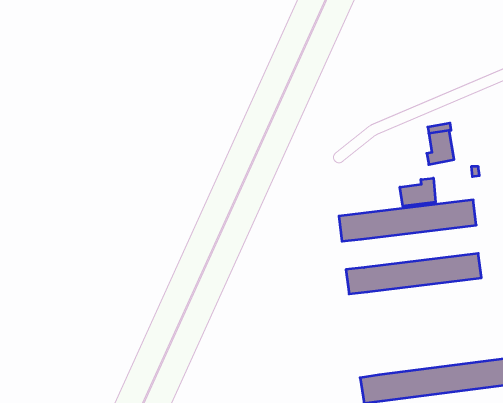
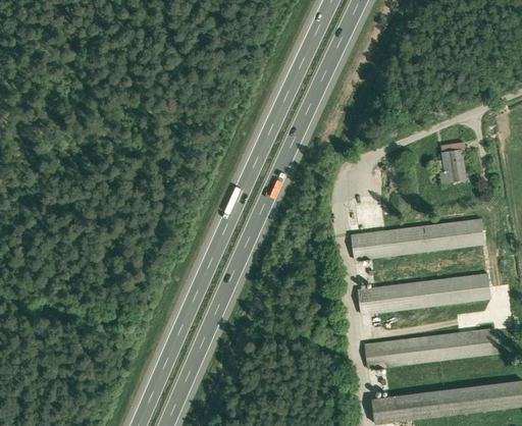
building: [400,178,436,206] -> none
building: none -> [365,327,500,370]

